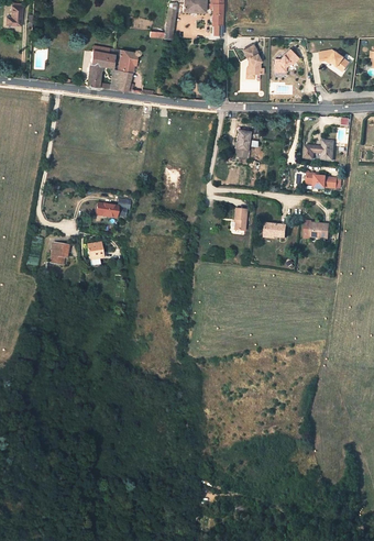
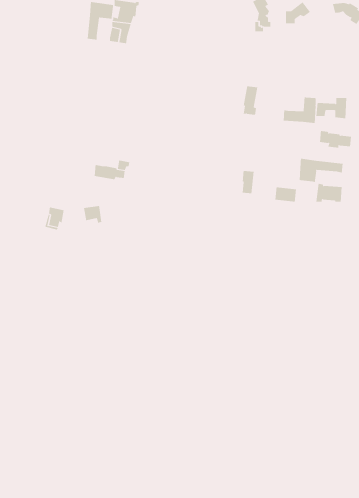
building: none -> [283,97,316,124]
building: none -> [299,158,343,183]

